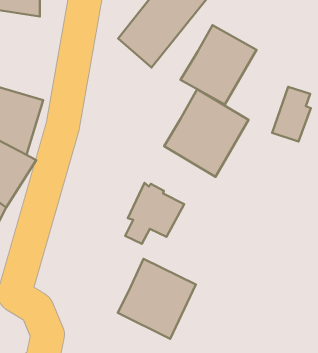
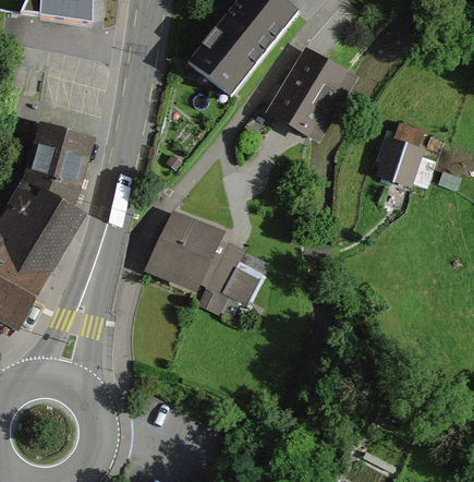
building: [164,89,249,177] -> none
building: none -> [144,207,223,293]
building: [118,259,196,339] -> none

